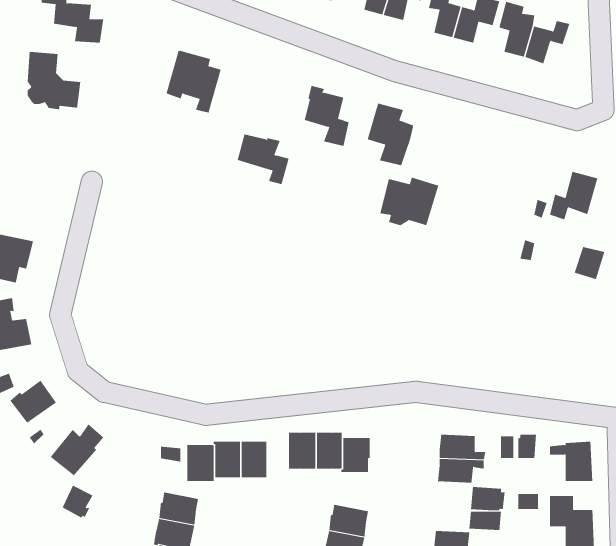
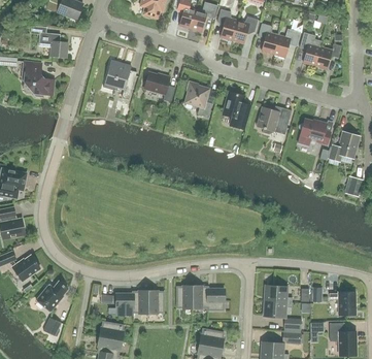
building: [237,134,289,185] -> [144,72,175,102]
building: none -> [298,119,331,144]
building: [379,177,439,226] -> [257,105,292,134]

